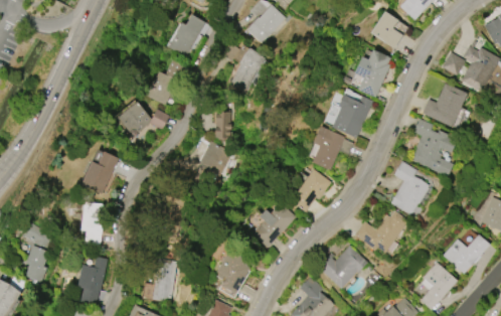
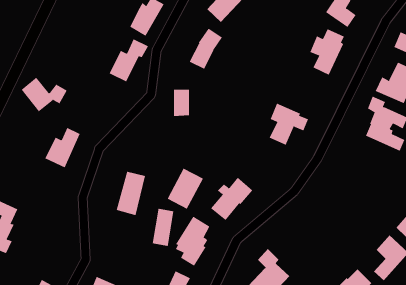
building: [331,95,372,138] -> none
building: [121,102,169,138] -> [21,77,68,112]
building: [193,141,231,184] -> [167,168,204,210]
building: [390,161,429,214] -> none
building: [290,169,331,212] -> none
building: [80,202,106,246] -> none
building: [354,210,408,253] -> none
building: [318,245,367,289] -> none
building: [76,257,108,305] -> none
building: [153,259,176,298] -> [152,208,174,246]

